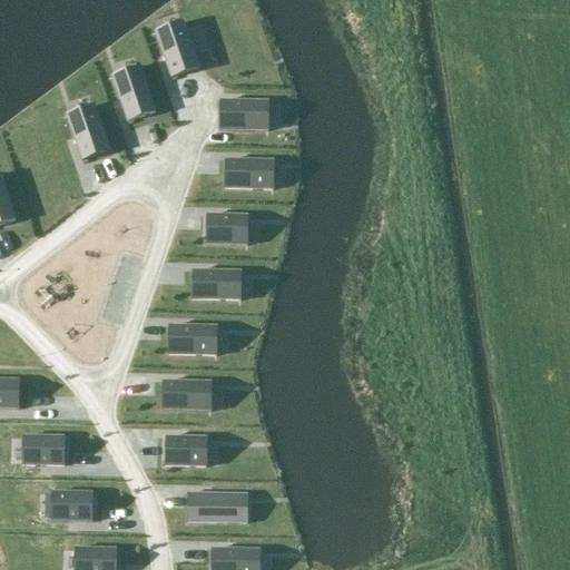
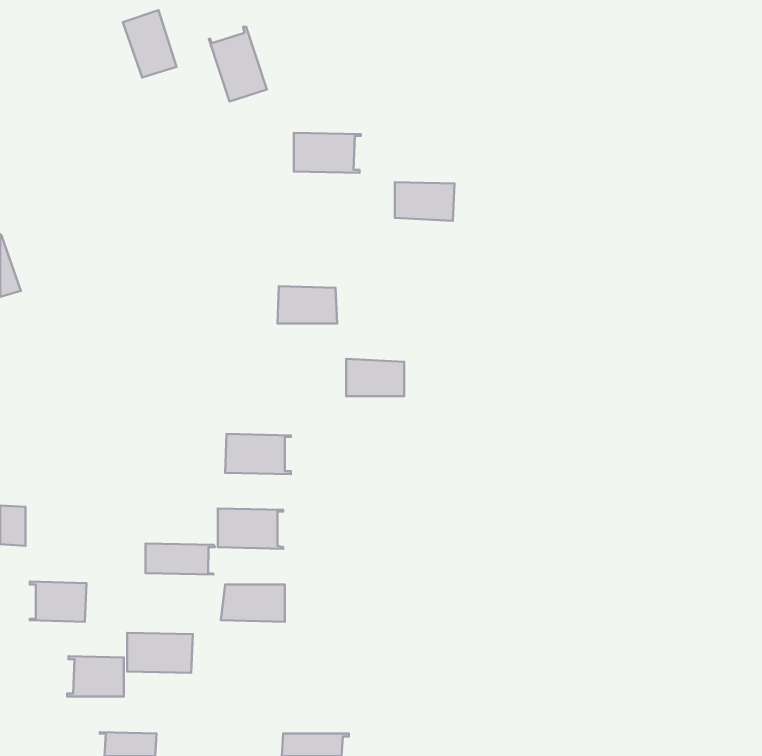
building: [115,68,155,118] -> [123,10,177,77]
building: [68,105,108,157] -> none
building: [226,158,271,187] -> [395,182,454,221]
building: [194,268,237,296] -> [346,359,404,396]
building: none -> [145,543,215,575]
building: [187,491,236,521] -> [127,633,193,673]

